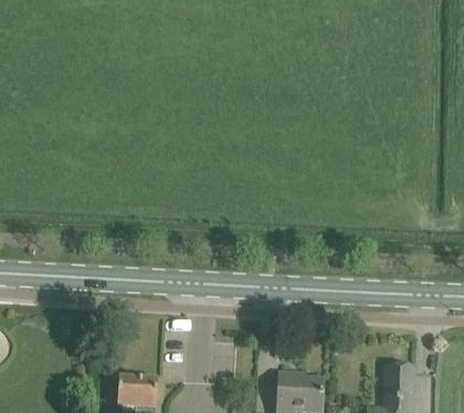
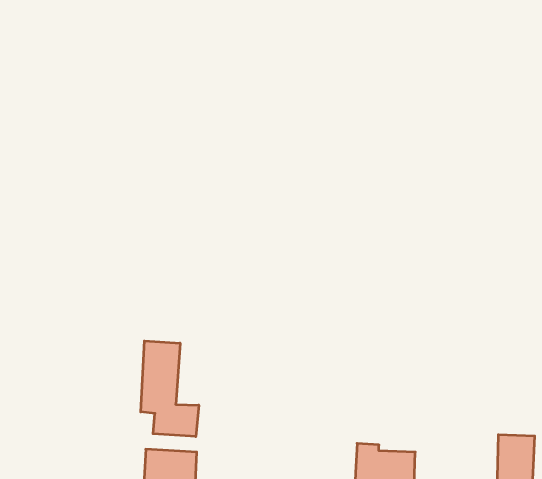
building: none -> [141,341,199,437]

